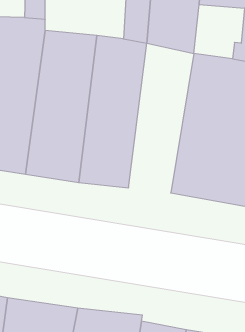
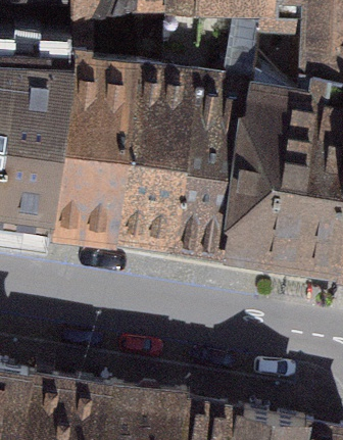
building: none -> [176,66,253,244]

